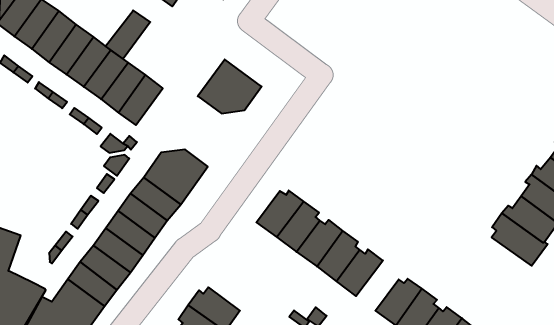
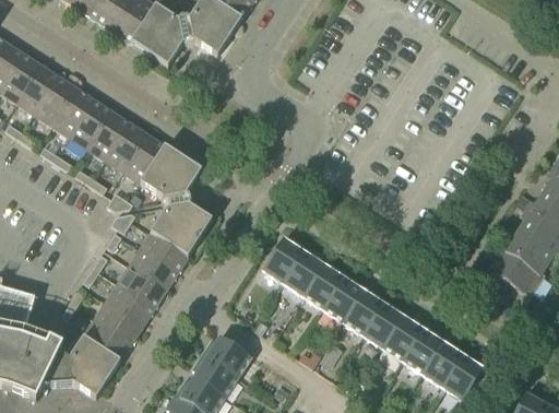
building: [106,10,150,59] -> none
building: [198,59,262,113] -> [140,145,201,198]
building: none -> [362,299,403,349]

